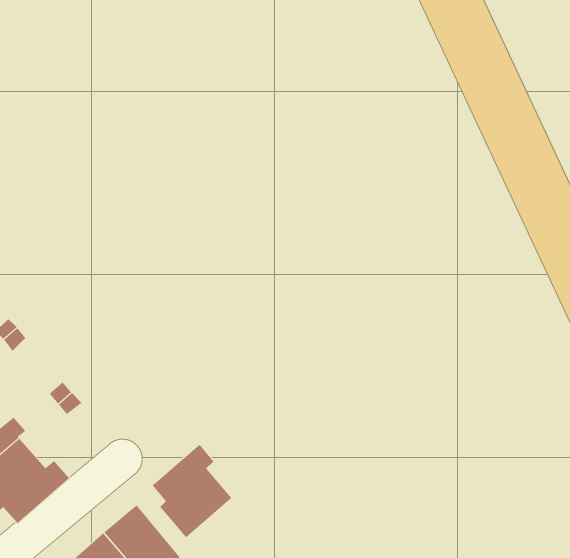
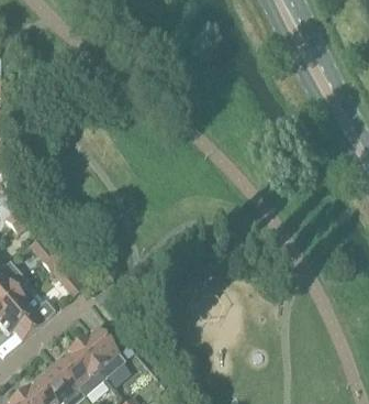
building: [152,444,232,538] -> none

